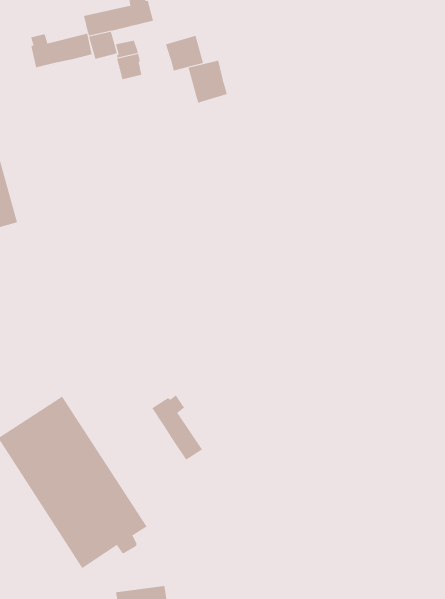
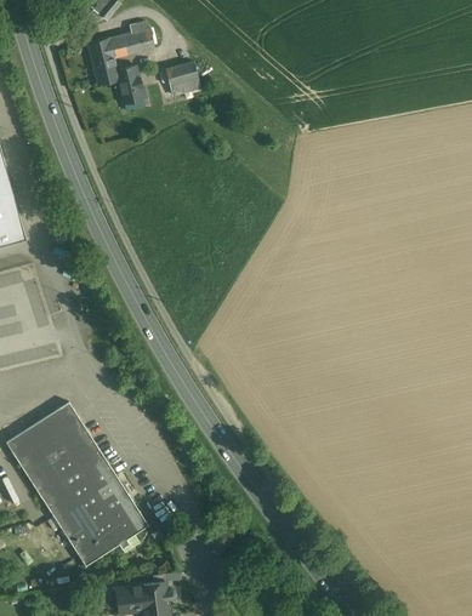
building: [31,33,92,68] -> none
building: [188,60,228,104] -> none
building: [152,394,203,461] -> none

